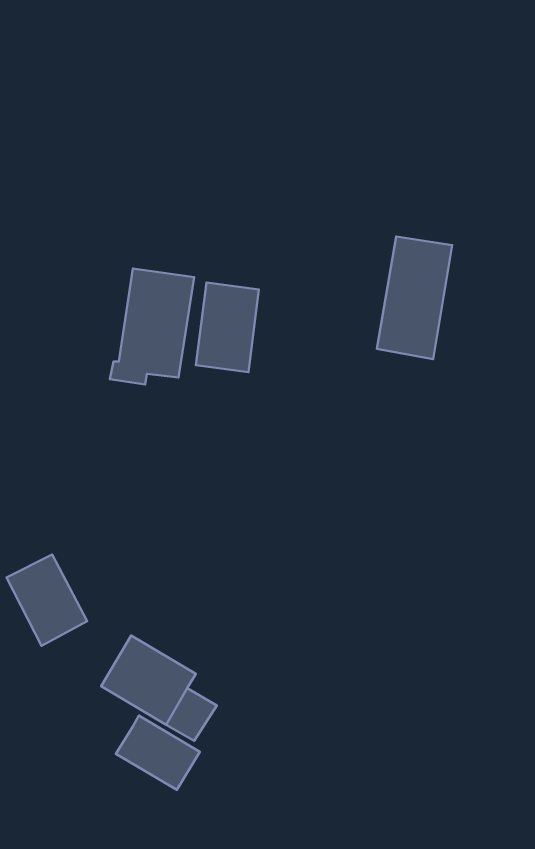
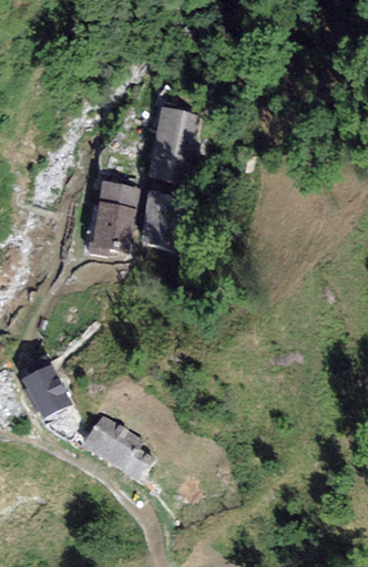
building: [377,236,452,359] -> [149,105,196,183]
building: [116,716,200,790] -> none

